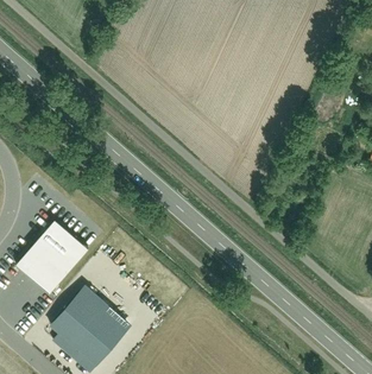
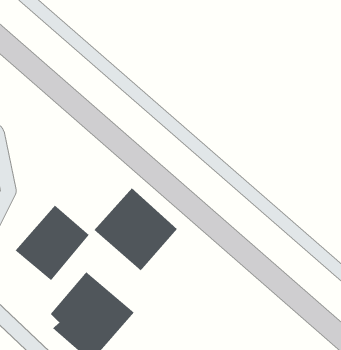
building: none -> [93,188,178,271]

